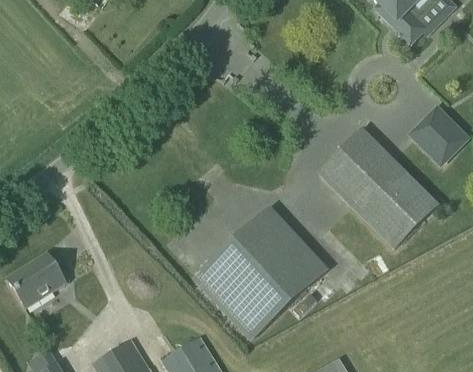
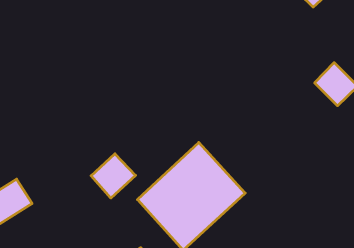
building: [319,129,437,247] -> none
building: none -> [91,154,136,198]

